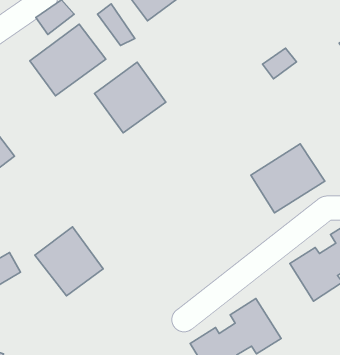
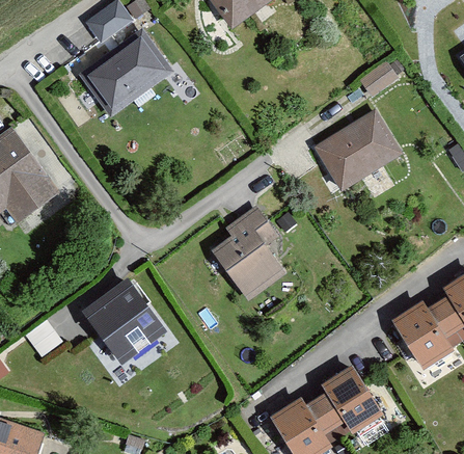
building: [97,4,135,46] -> none
building: [94,62,166,133] -> none
building: [251,144,325,213] -> [311,108,402,192]
building: none -> [214,206,285,298]

